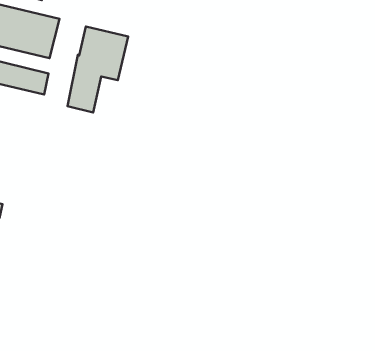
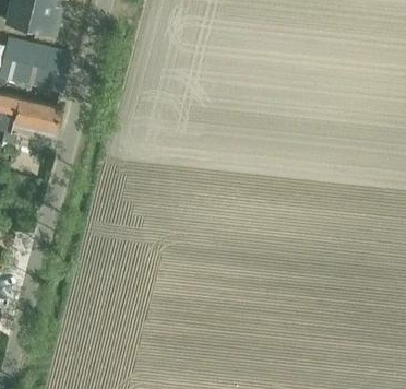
building: [67,26,128,112] -> none

